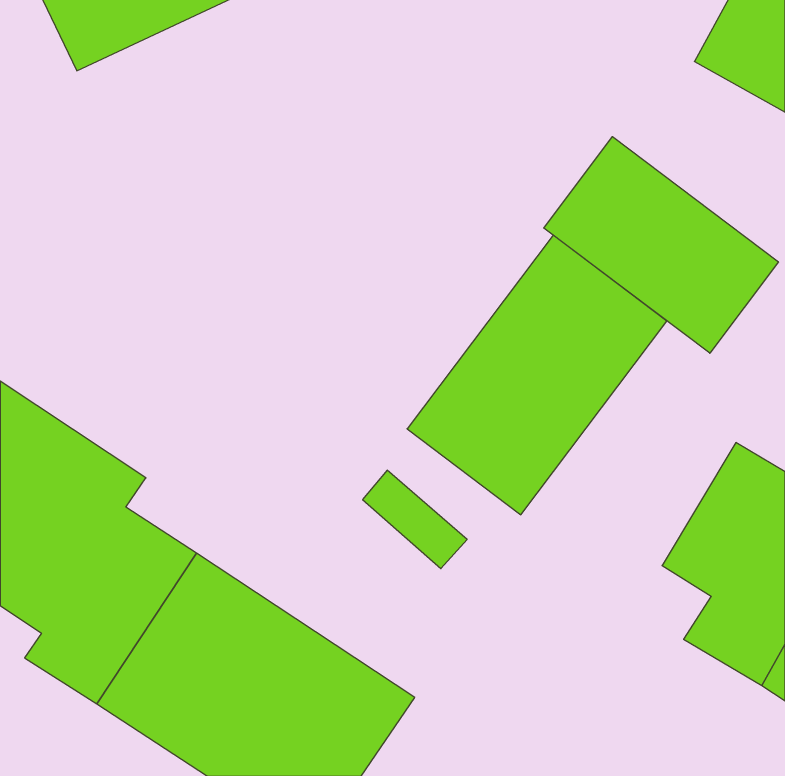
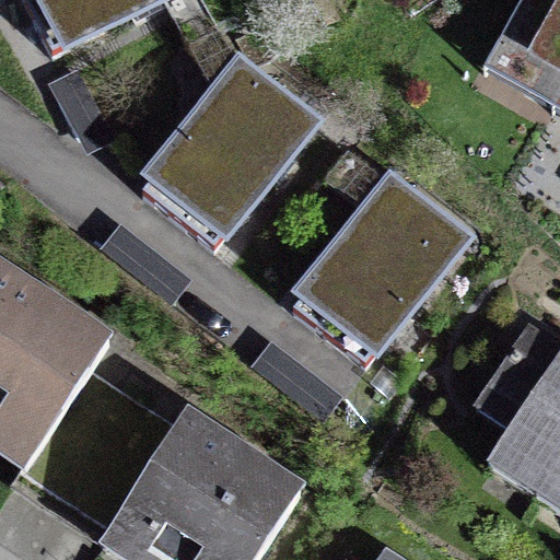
building: none -> [147,69,310,237]
building: [544,137,778,353] -> none

